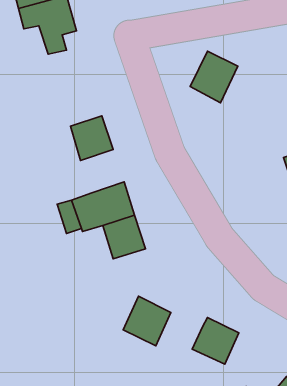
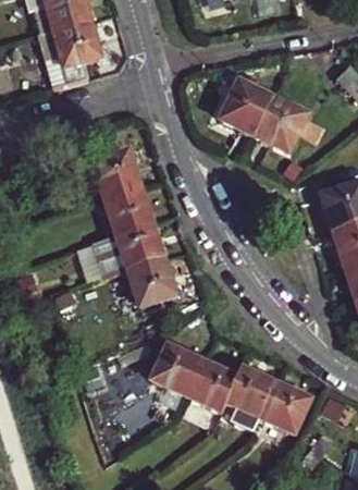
building: none -> [256,97,309,154]
building: none -> [106,186,152,233]
building: none -> [186,362,236,413]
building: none -> [260,383,310,433]

